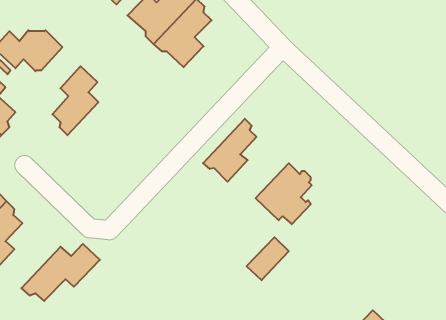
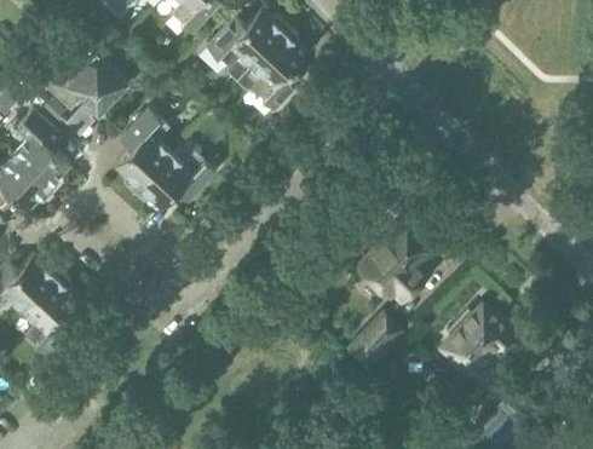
building: none -> [133,150,215,207]
building: [203,119,256,182] -> none
building: none -> [442,304,520,386]
building: [21,244,100,301] -> none

